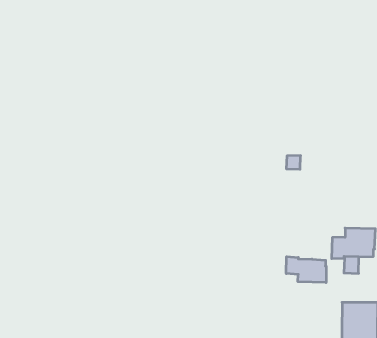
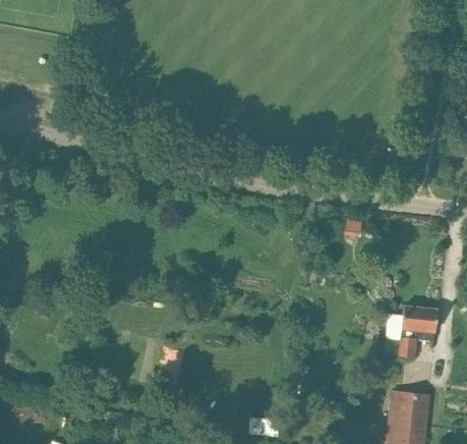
building: [286,257,326,283] -> none

